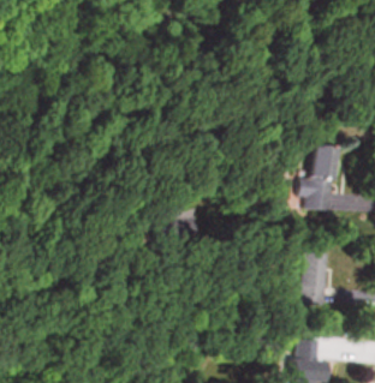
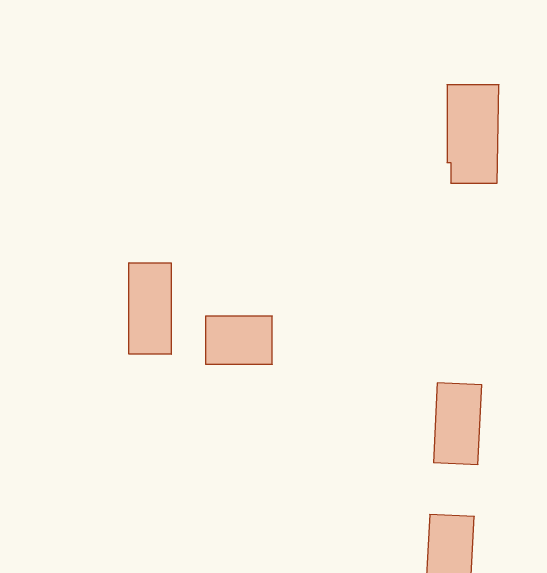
building: [304,148,338,211] -> [447,85,499,183]
building: none -> [129,263,171,354]

